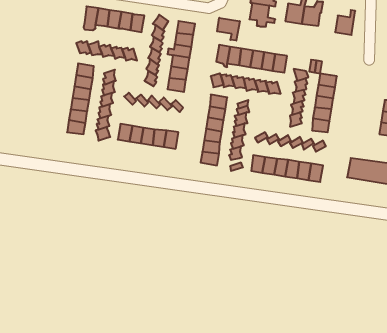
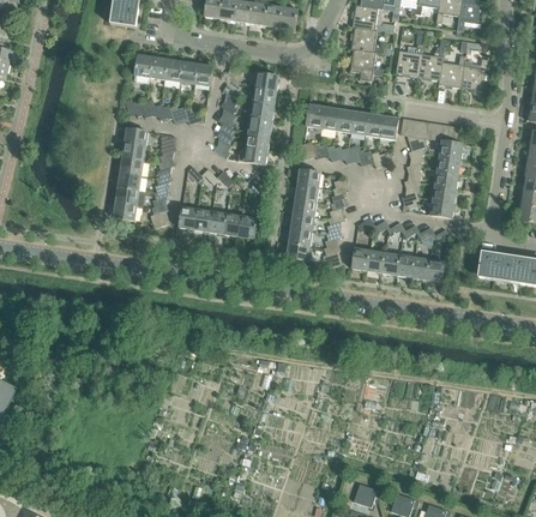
building: none -> [438,54,465,86]
building: [217,18,240,41] -> none

